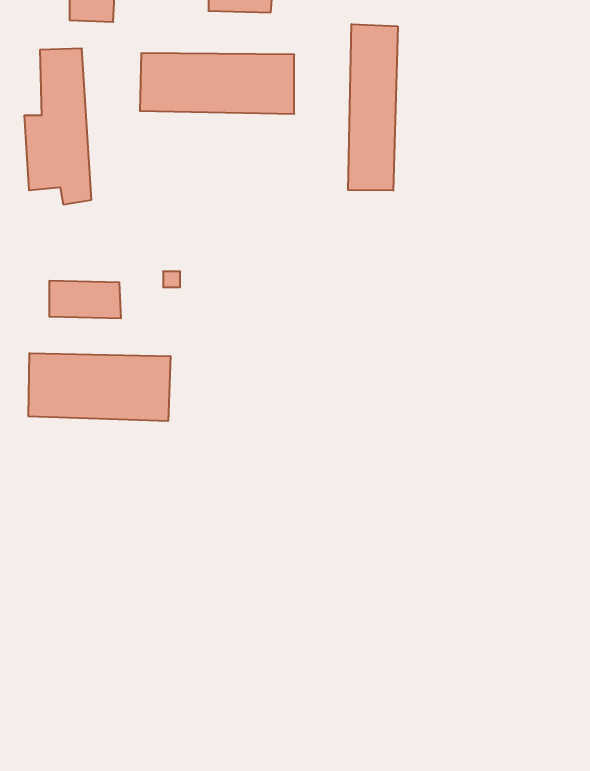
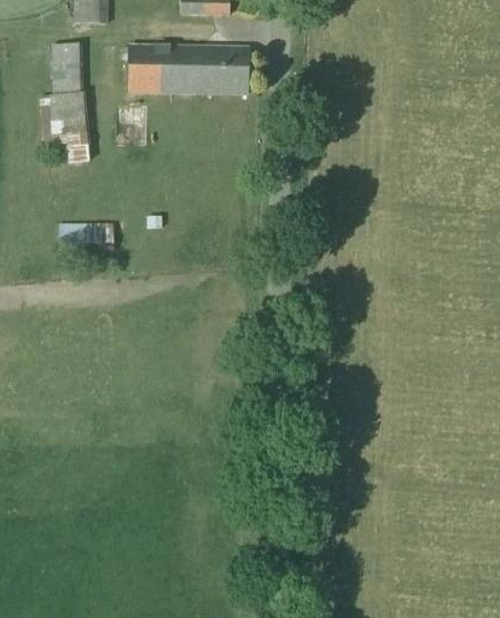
building: [348,24,398,191] -> none
building: [29,353,171,421] -> none

